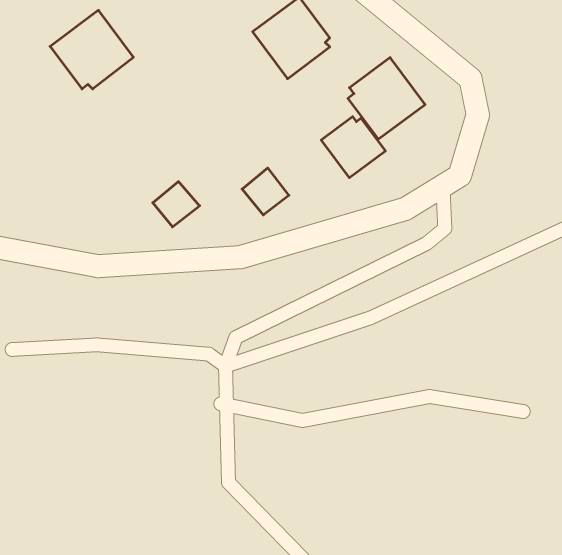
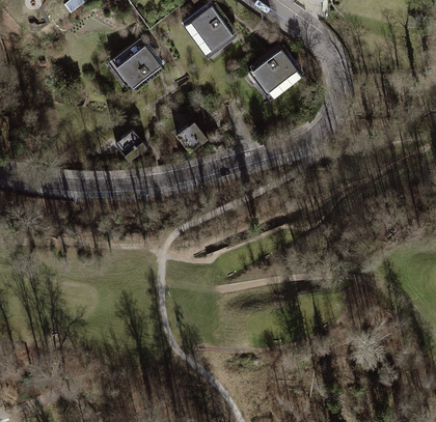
building: [50,10,133,89] -> [107,36,164,90]
building: [321,117,385,178] -> none

